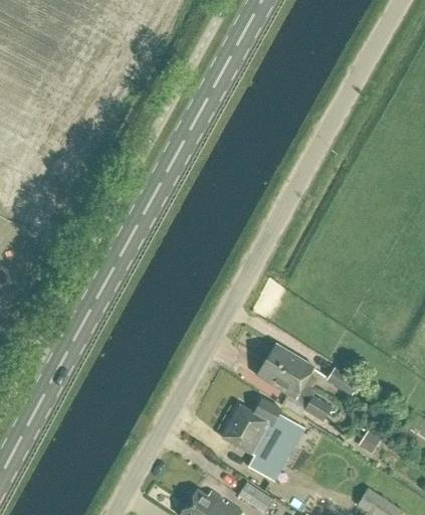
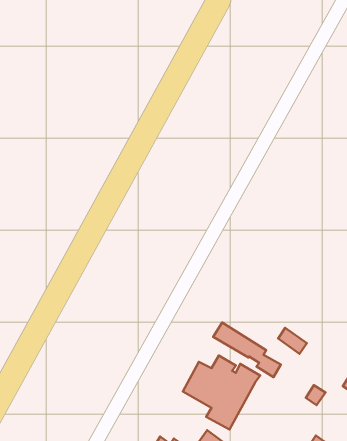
building: [265,345,314,392] -> none

